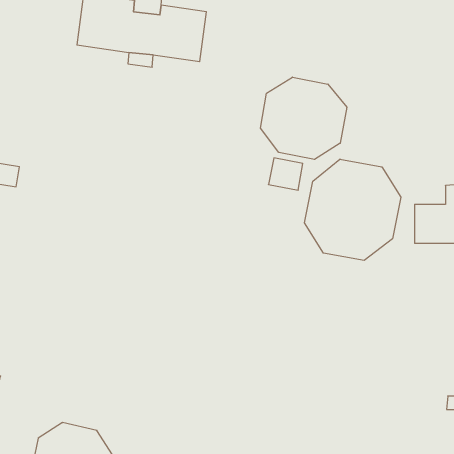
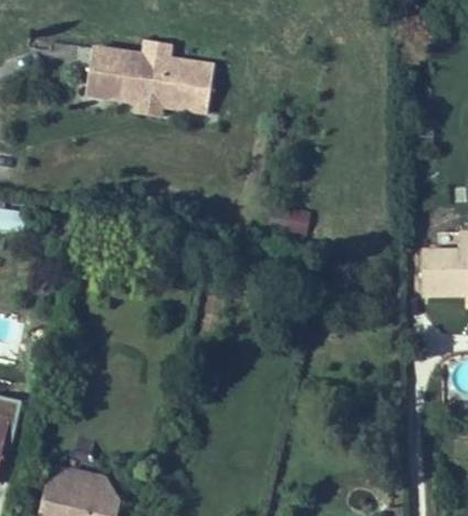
building: [260,77,347,159] -> none
building: [305,159,401,260] -> none

